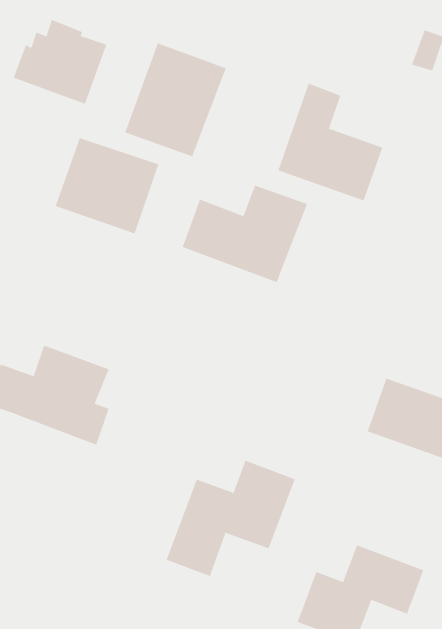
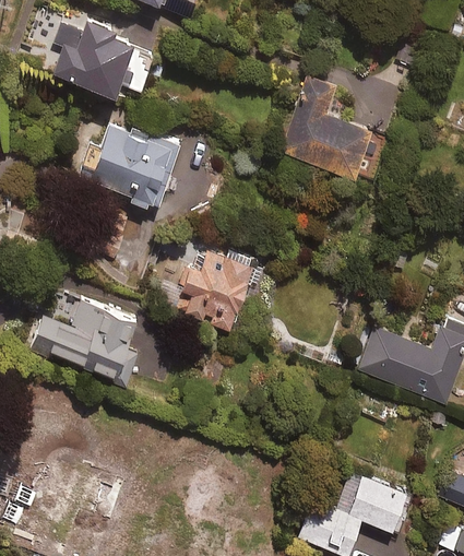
building: [125,43,226,157] -> none
building: [182,185,308,283] -> [148,246,257,330]
building: [166,460,296,577] -> none

